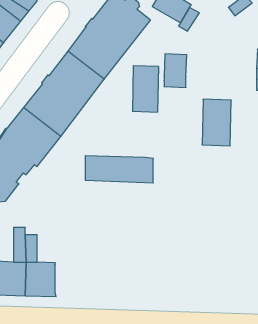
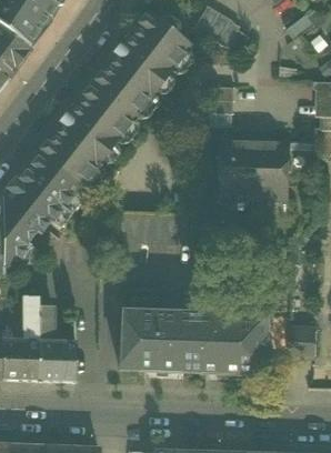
building: [132,66,159,112] -> [222,140,254,197]
building: none -> [119,310,271,374]
building: none -> [289,326,317,358]

